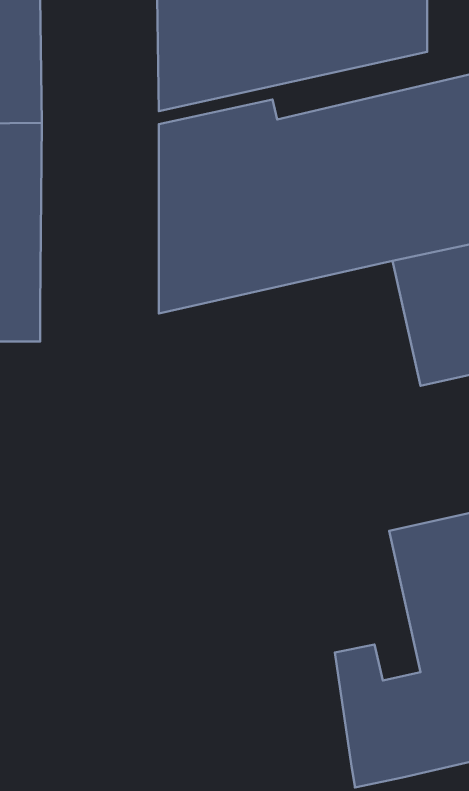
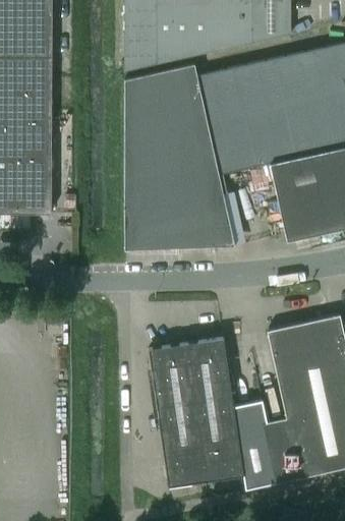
building: none -> [124,174,235,249]
building: none -> [149,338,243,486]

